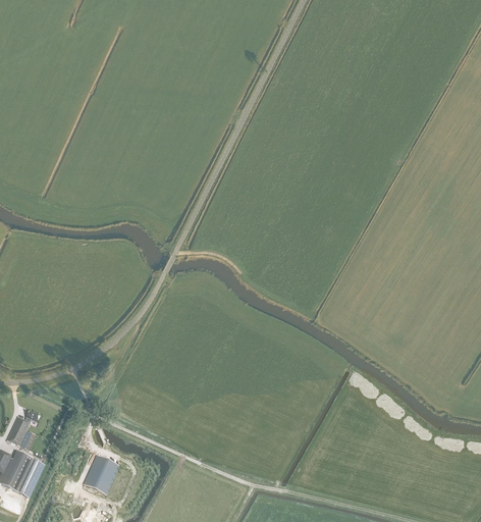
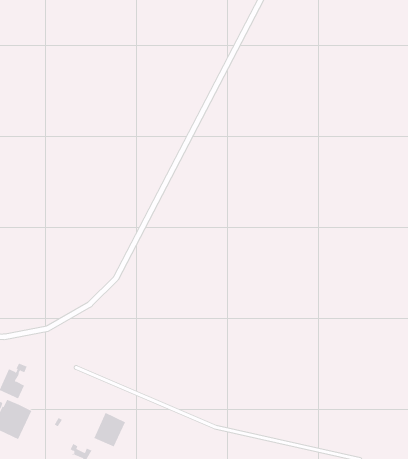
building: [83,454,119,493] -> [93,412,126,447]

